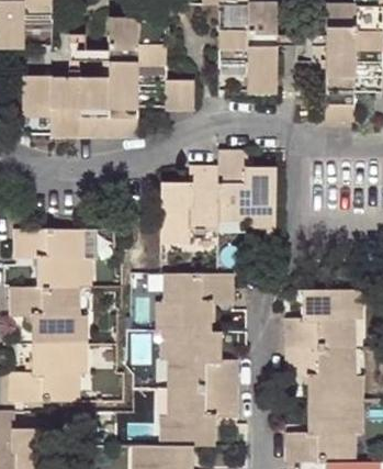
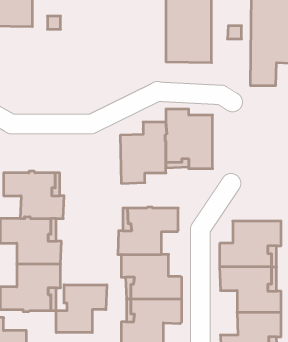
building: [21,20,193,135] -> none
building: none -> [56,285,107,333]

